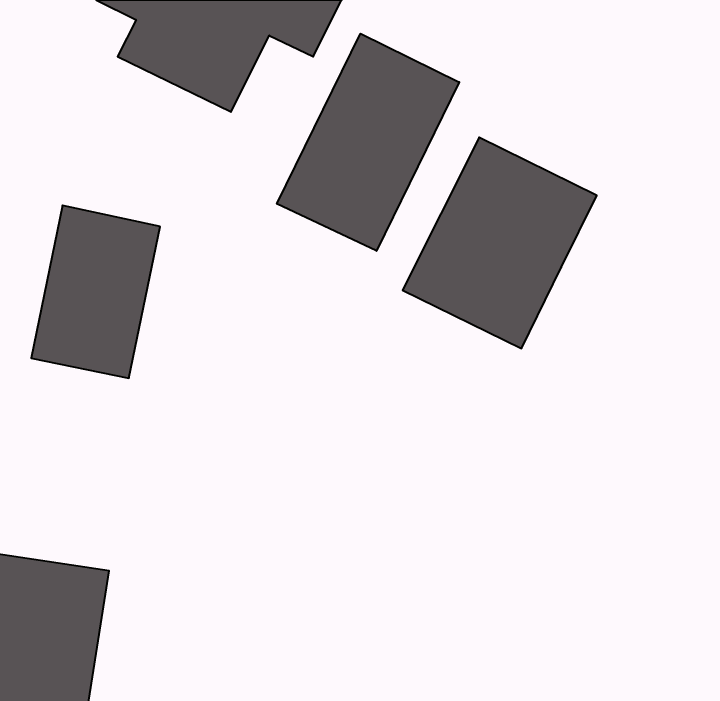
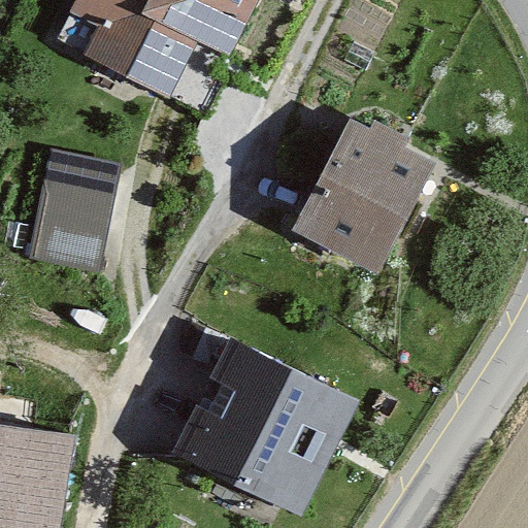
building: [277,34,459,251] -> none
building: none -> [174,334,361,515]

